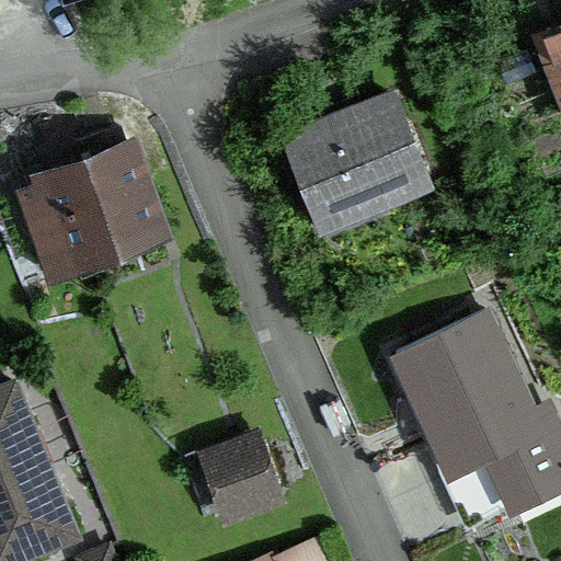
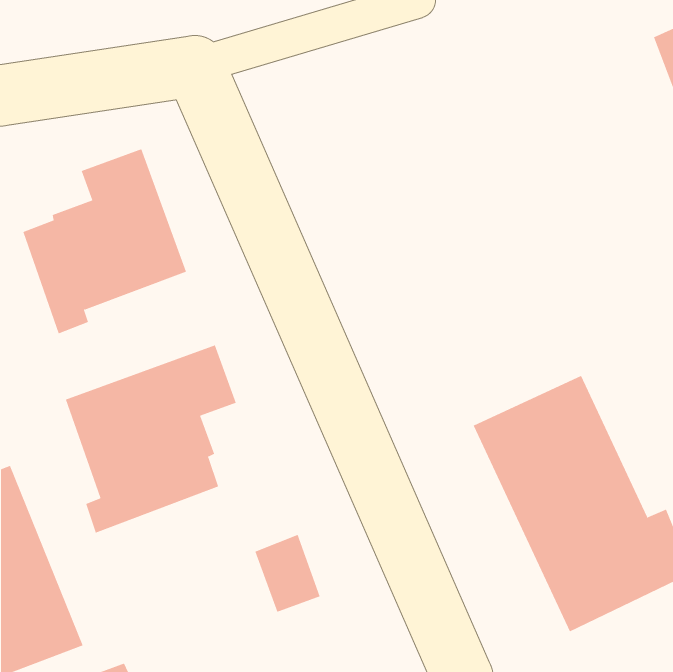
building: [287,101,426,226] -> none
building: none -> [65,344,236,533]

